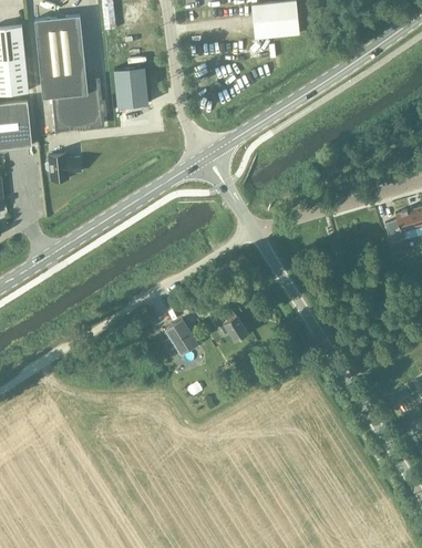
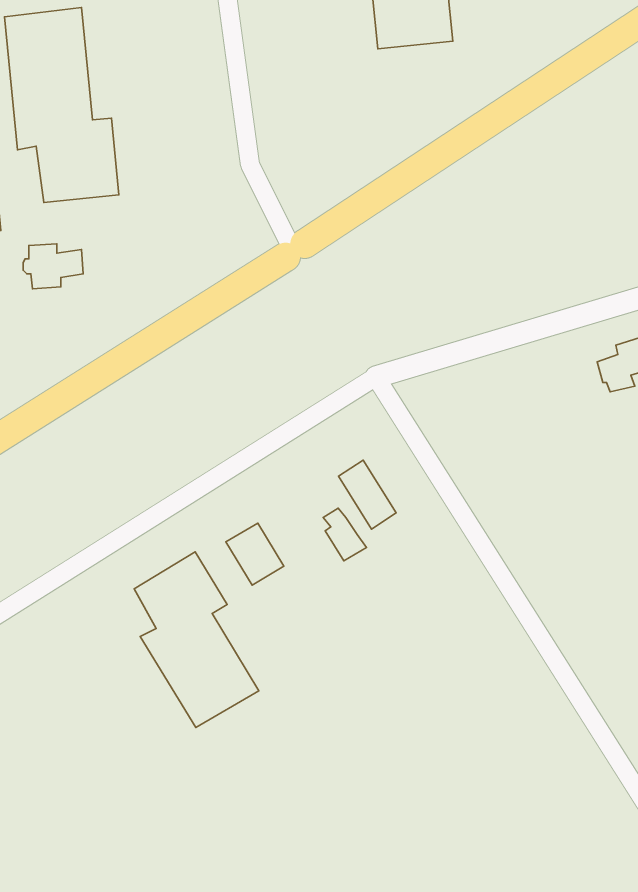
building: [114,65,148,106] -> none
building: none -> [339,460,396,529]
building: none -> [134,552,259,728]

